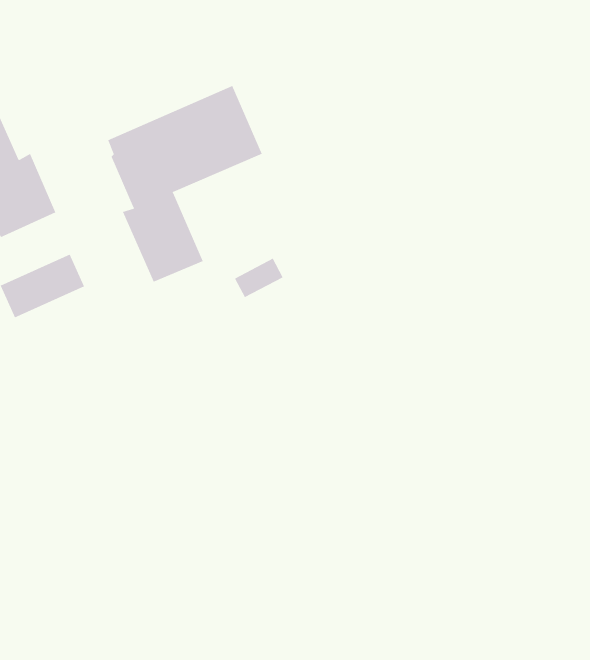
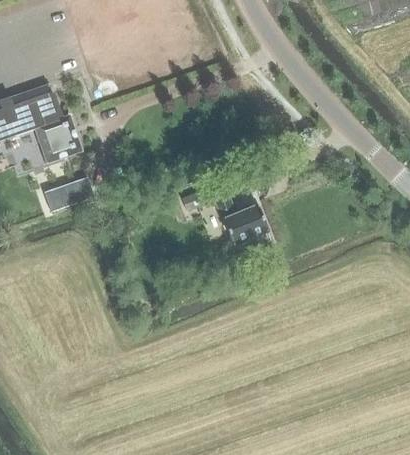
building: [108,85,262,282] -> none
building: none -> [214,194,266,246]

